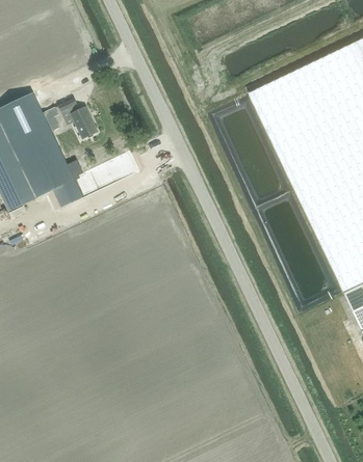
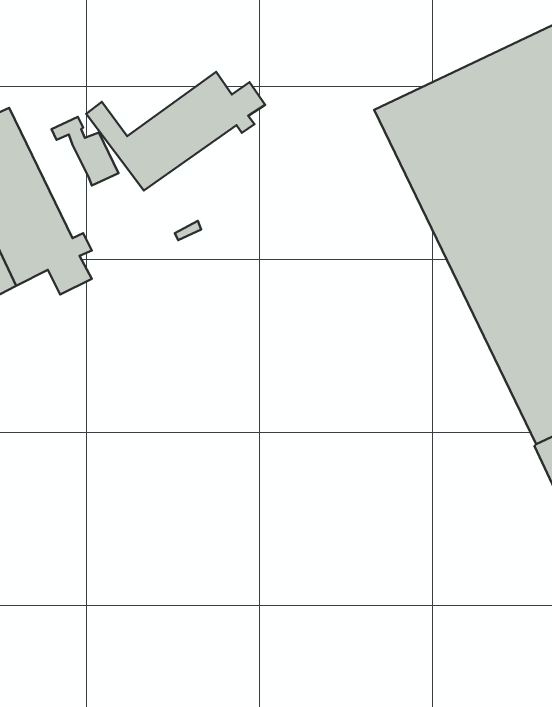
building: none -> [86,72,265,191]

